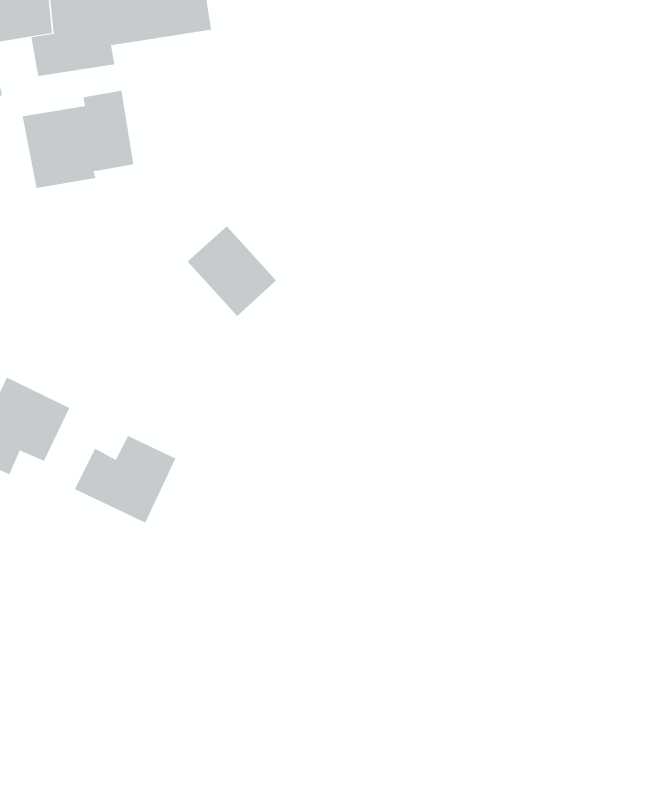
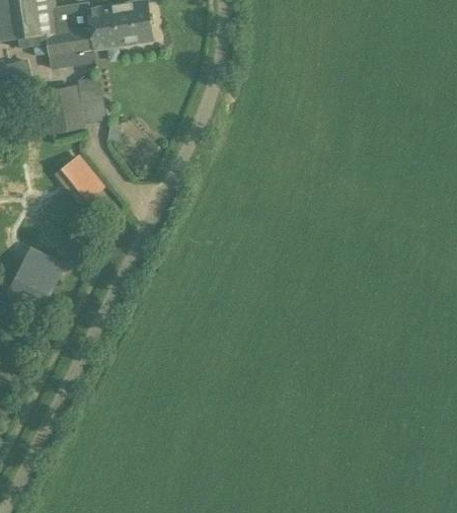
building: [187,225,277,317] -> [54,152,106,206]
building: [74,435,176,524] -> none

